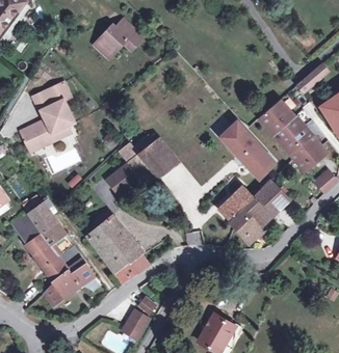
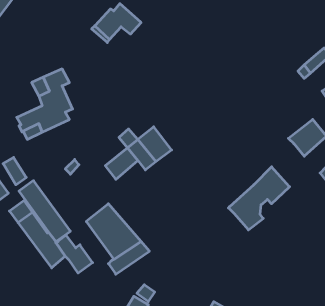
building: [259,100,311,153] -> none
building: [219,121,273,179] -> none
building: [218,187,253,220] -> none
building: [42,269,79,304] -> none

